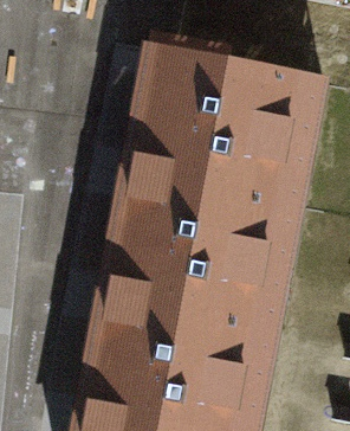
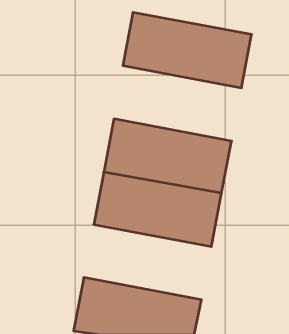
building: [138,112,289,201] -> none
building: [103,300,253,388] -> none

